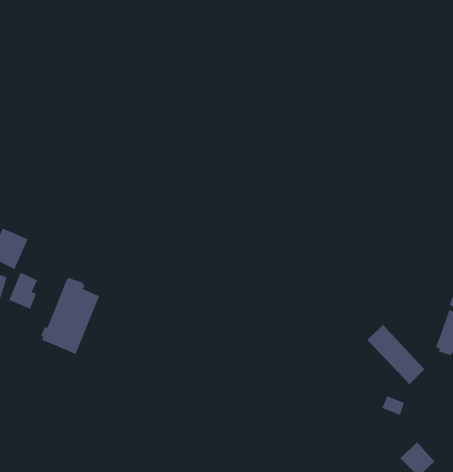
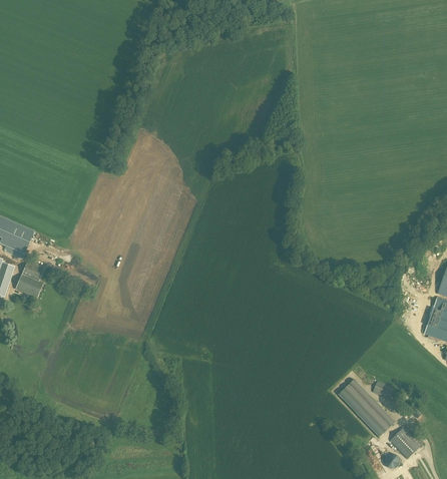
building: [41,277,100,355] -> none
building: [366,324,425,385] -> [338,378,394,436]

